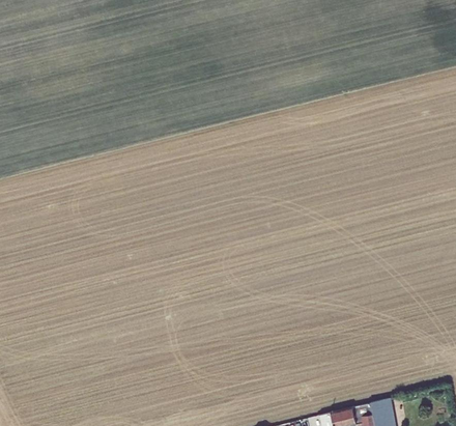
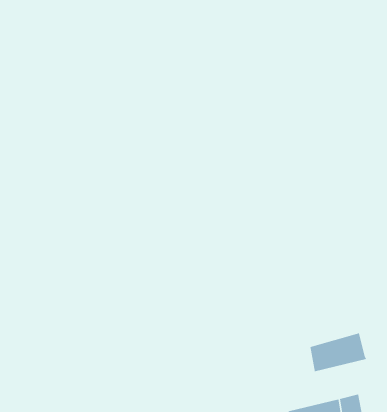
building: none -> [310,333,367,372]

